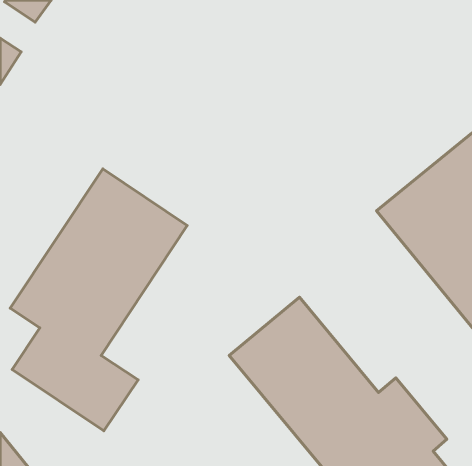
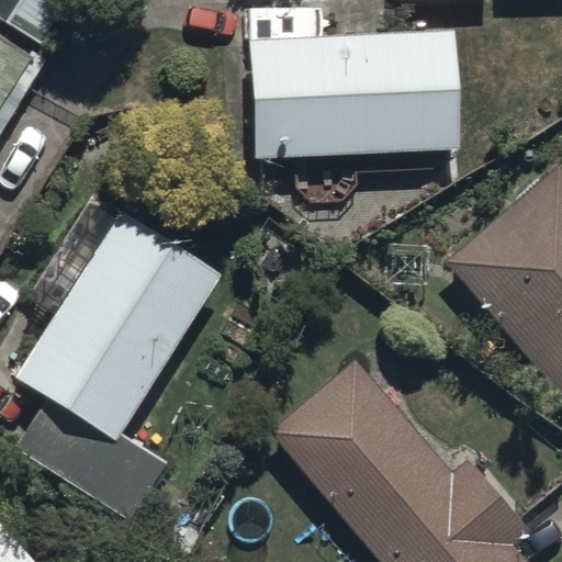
building: none -> [250,31,458,157]

